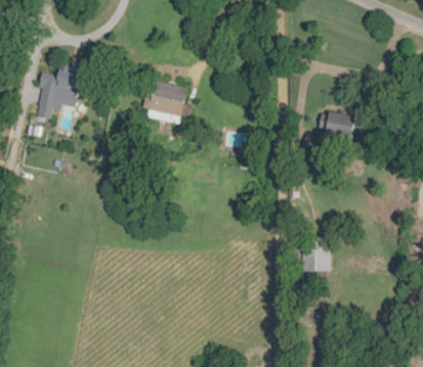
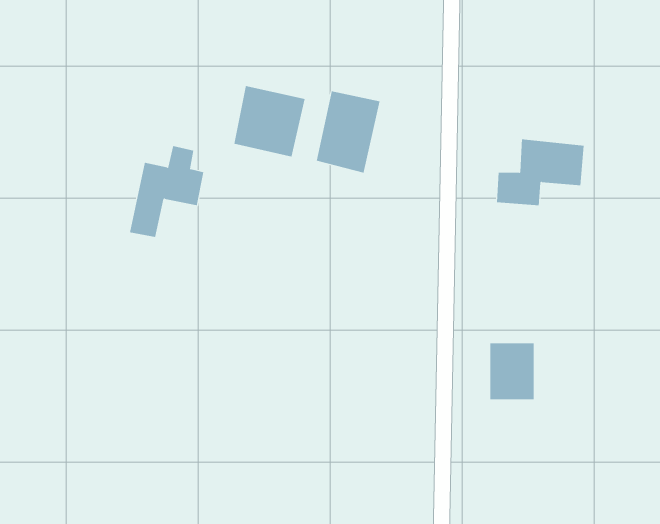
building: [35,63,81,120] -> [129,146,204,238]
building: none -> [316,90,380,174]

